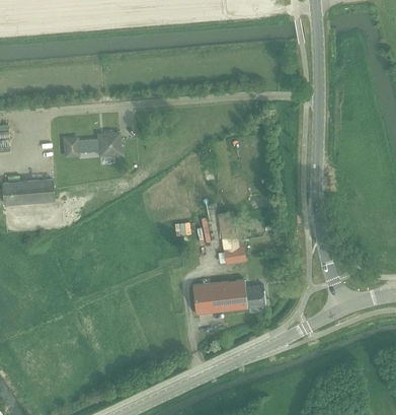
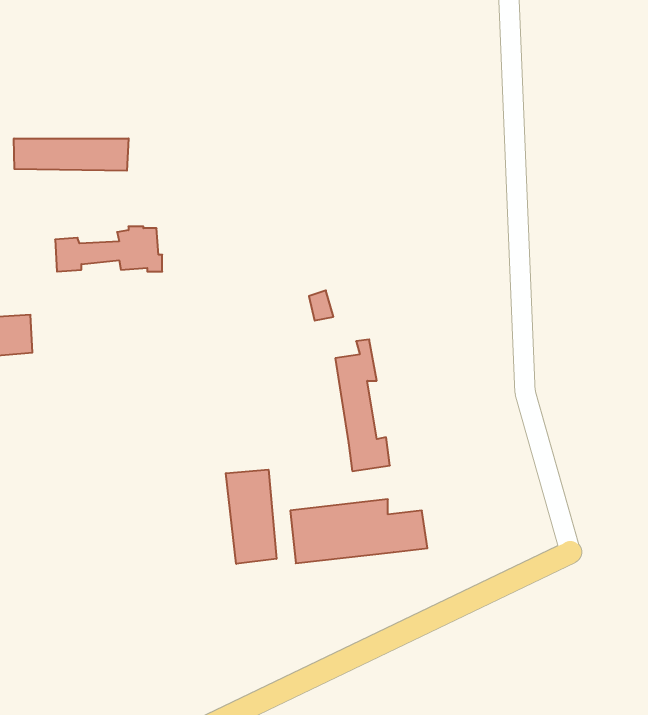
building: none -> [14,138,129,171]
building: none -> [226,470,276,564]

